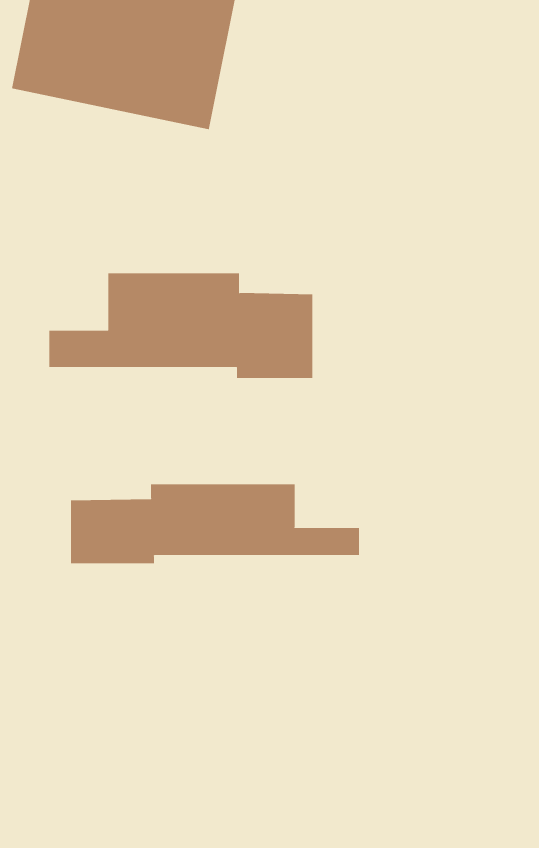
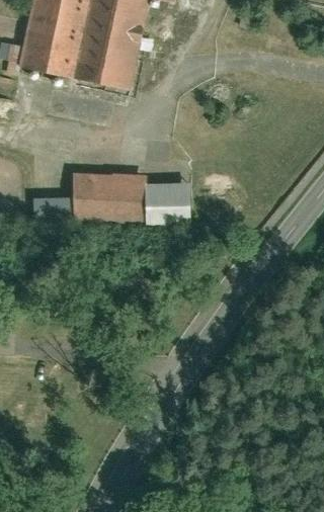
building: [70,484,360,564] -> none

